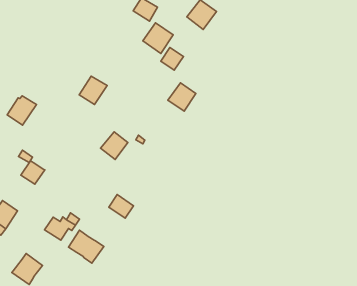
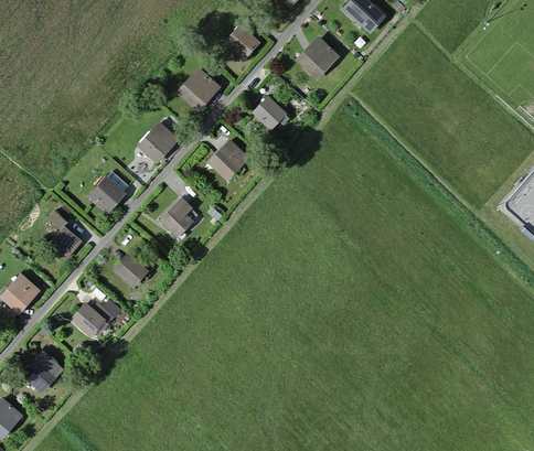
building: [143,23,173,53] -> [178,67,220,109]
building: [168,83,196,111] -> [210,142,248,181]
building: [7,96,36,125] -> [89,172,130,212]
building: [109,195,133,218] -> [115,255,148,288]
building: [68,230,104,263] -> none

